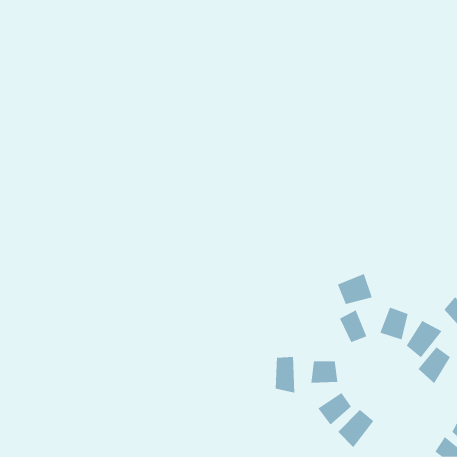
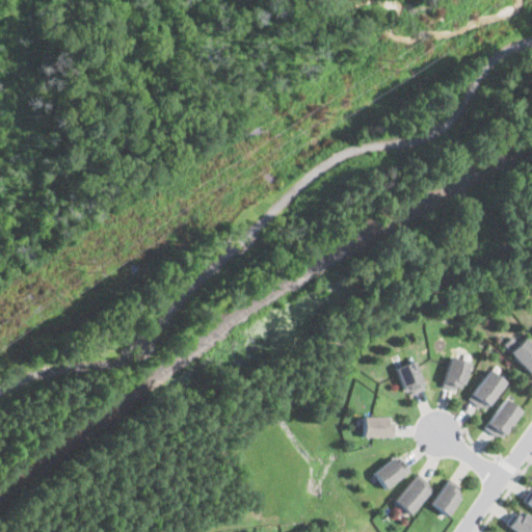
building: [337,273,373,305] -> none
building: [275,356,295,394] -> none
building: none -> [432,479,466,517]

